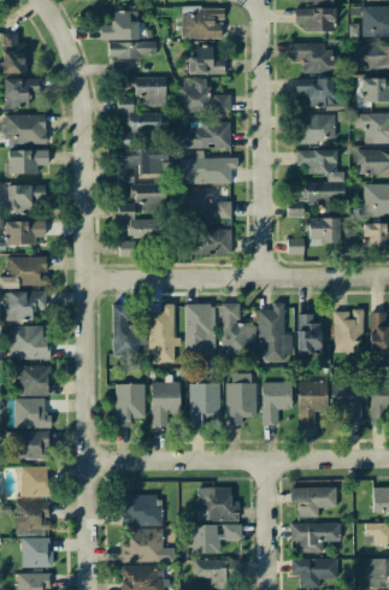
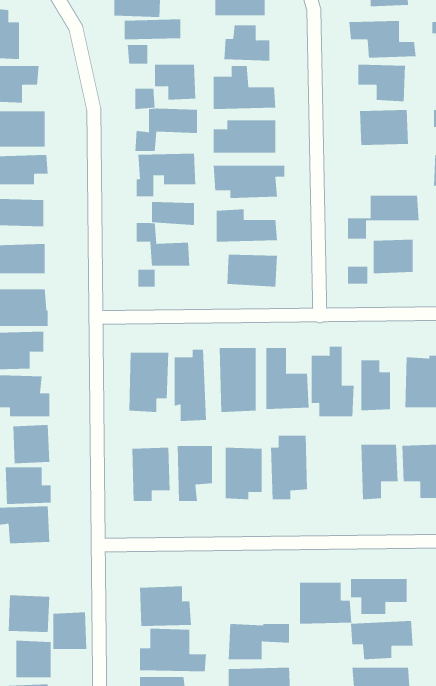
building: [297,149,346,181] -> none
building: [263,382,293,425] -> none
building: [22,466,49,496] -> [53,612,87,650]
building: [198,488,240,521] -> [299,582,352,624]

